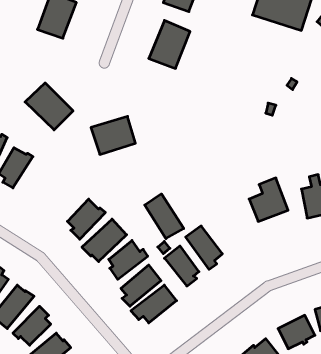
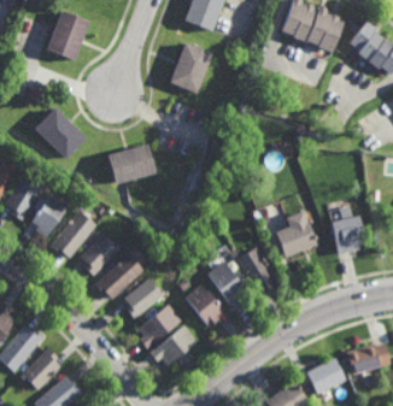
building: none -> [30,194,69,237]
building: none -> [49,211,95,258]
building: [145,194,184,239] -> [237,247,280,295]

